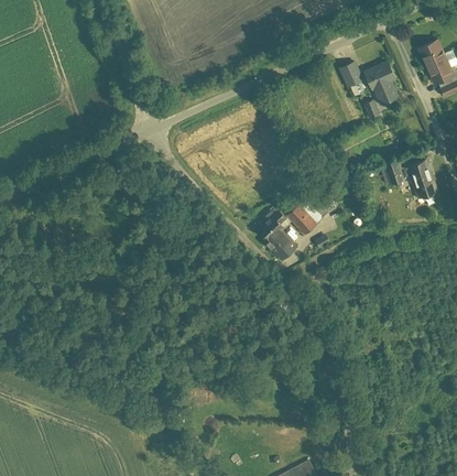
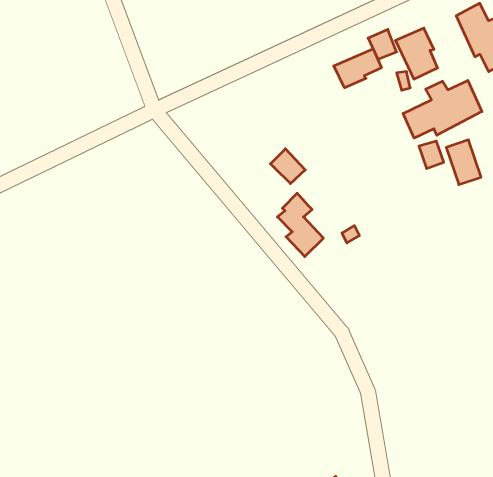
building: none -> [334,49,381,88]
building: none -> [403,80,482,138]
building: [285,204,316,235] -> [270,149,305,184]

